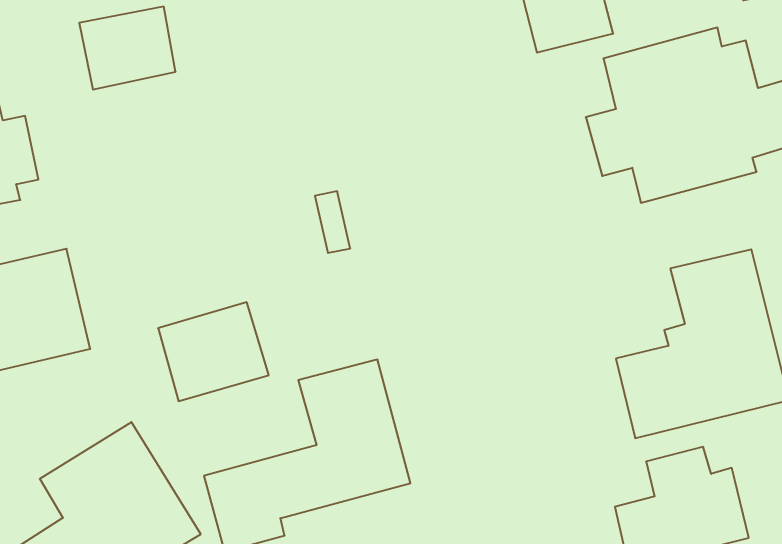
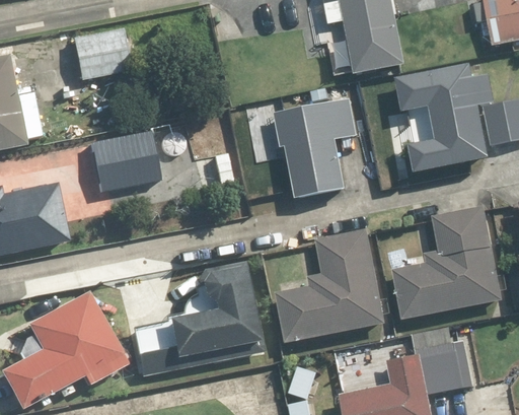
building: none -> [276,86,356,198]
building: none -> [275,229,387,346]
building: [158,302,269,401] -> [89,132,157,192]

